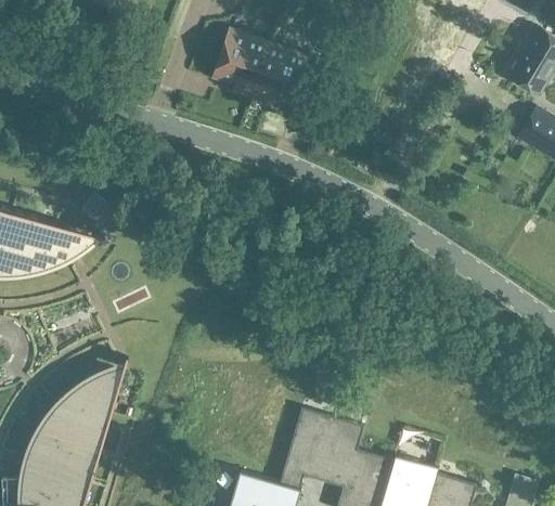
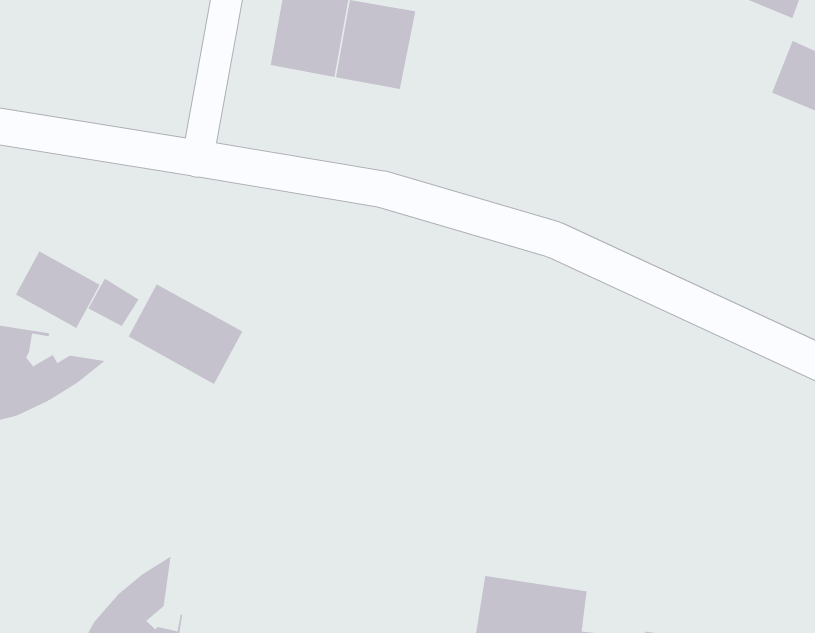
building: none -> [15,250,100,329]
building: none -> [128,284,243,385]

